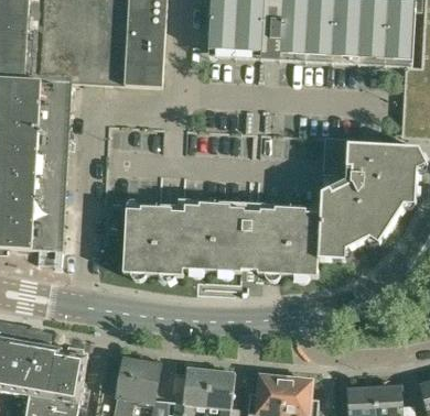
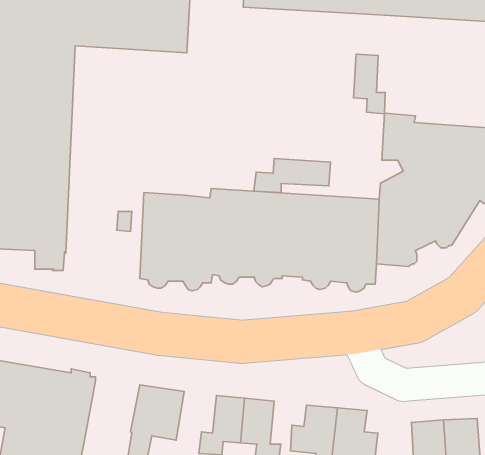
building: none -> [354,54,385,114]
building: none -> [254,159,330,192]

